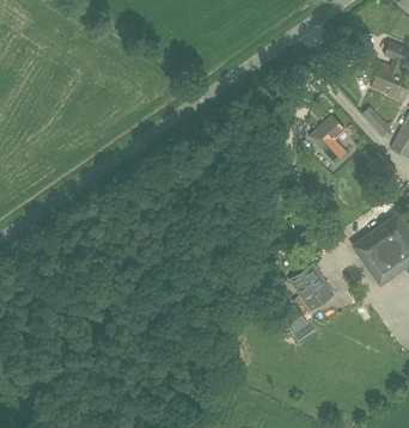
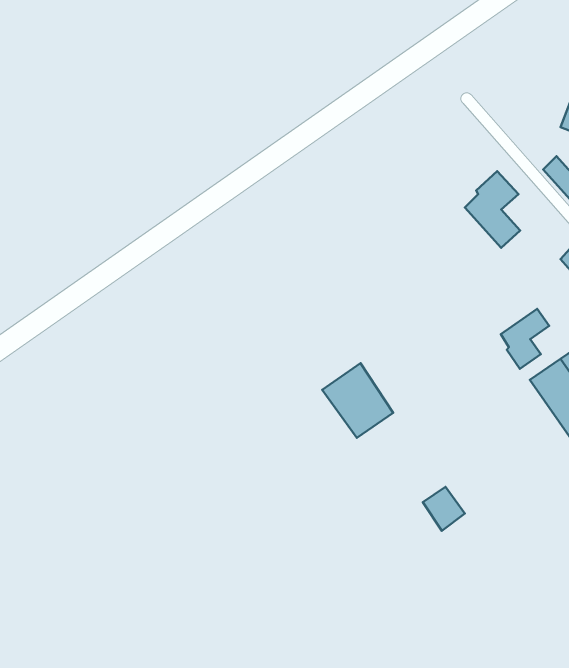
building: none -> [501,309,549,369]
building: [289,263,334,310] -> [322,363,393,438]

